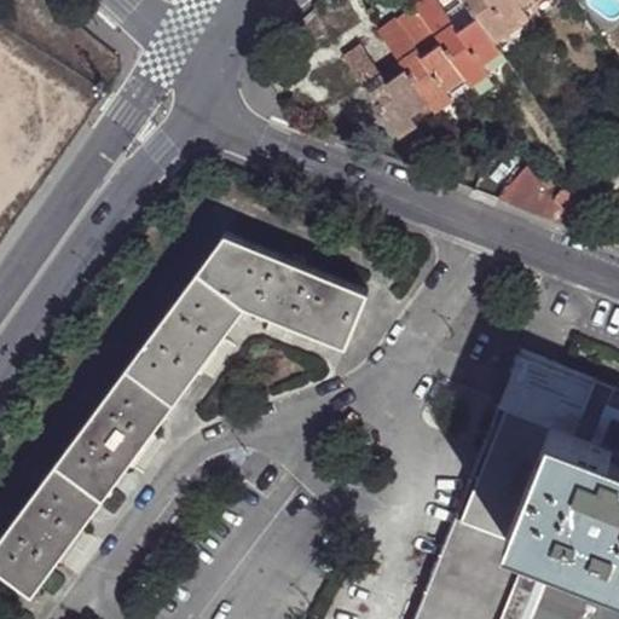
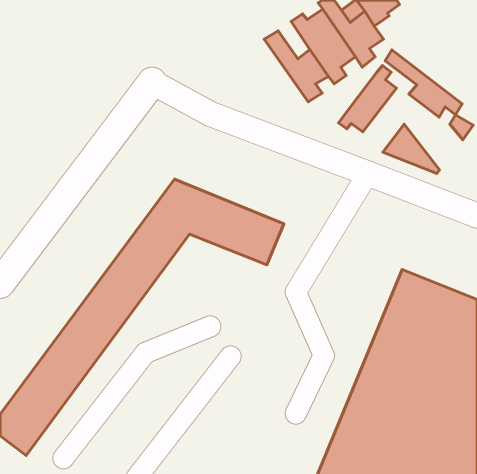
building: none -> [385,50,462,117]
building: none -> [338,65,396,132]

